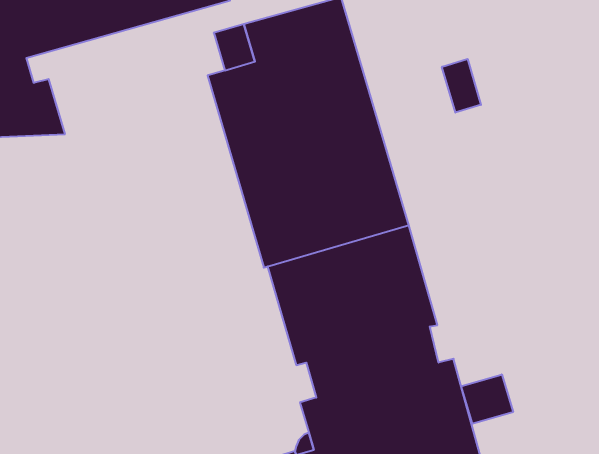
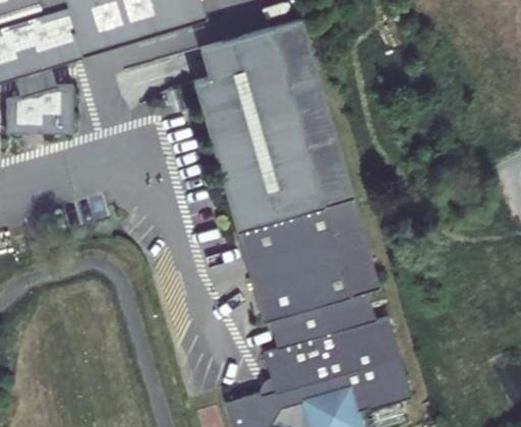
building: [442,59,481,113] -> none
building: [461,374,513,424] -> none

